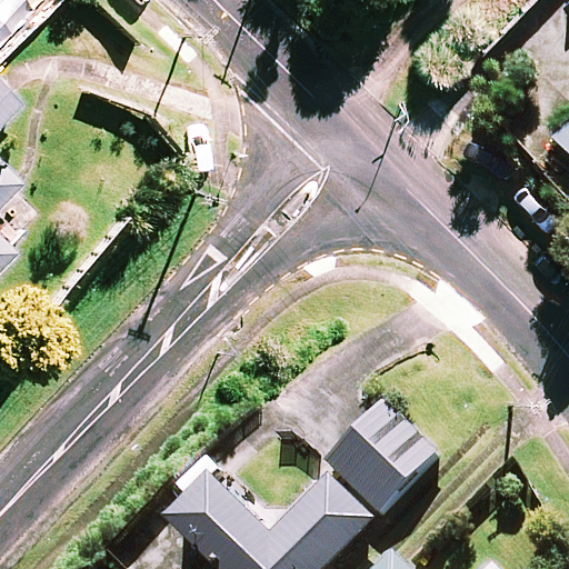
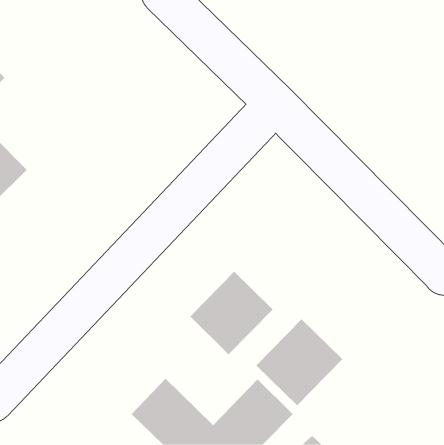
building: none -> [189,271,274,355]

